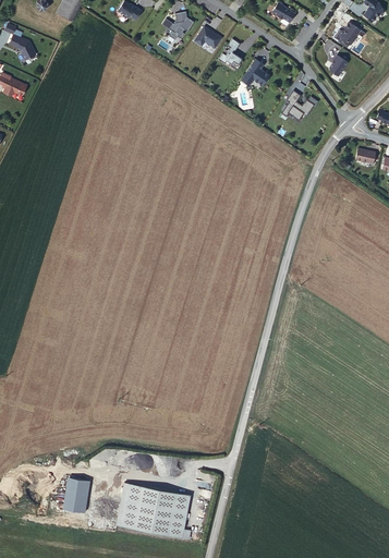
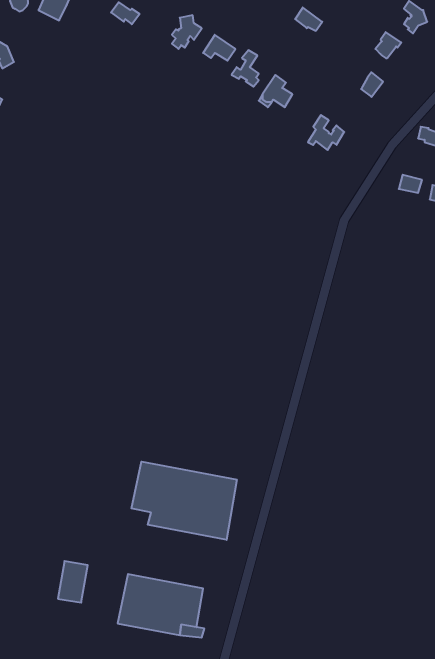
building: none -> [131,462,237,540]

